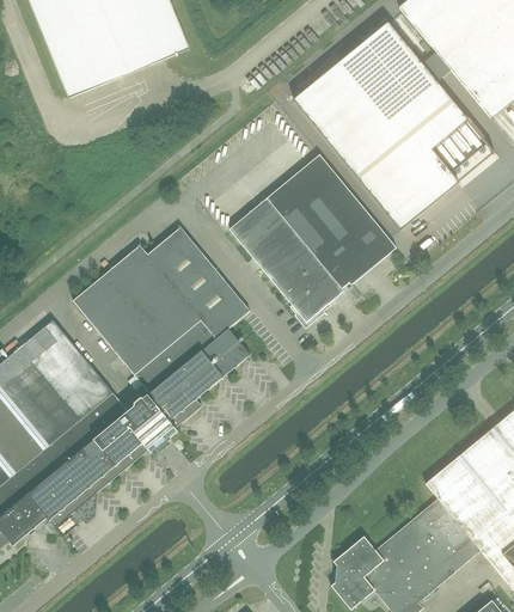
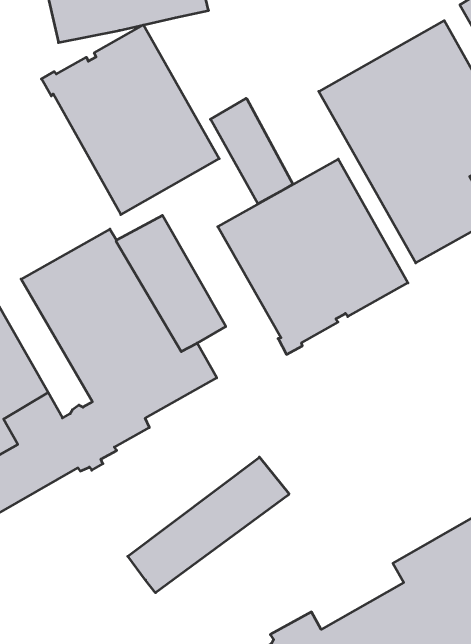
building: none -> [41,25,219,215]
building: none -> [210,98,293,204]
building: none -> [128,457,289,593]

